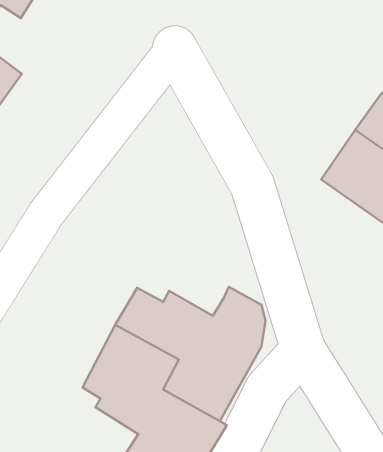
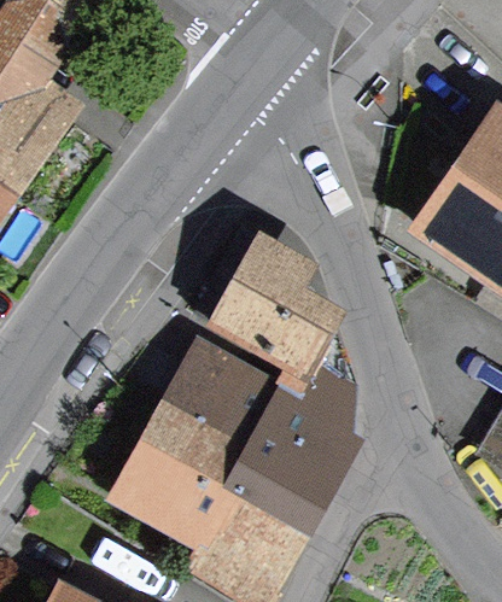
building: none -> [214,227,351,375]

